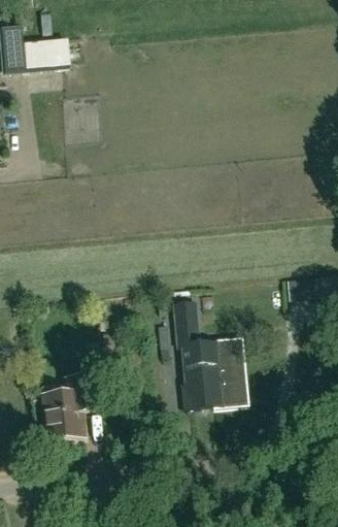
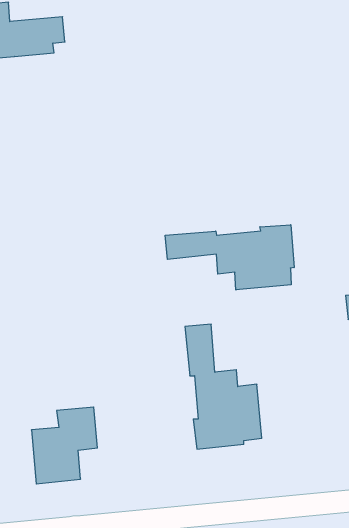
building: none -> [165,225,294,290]

